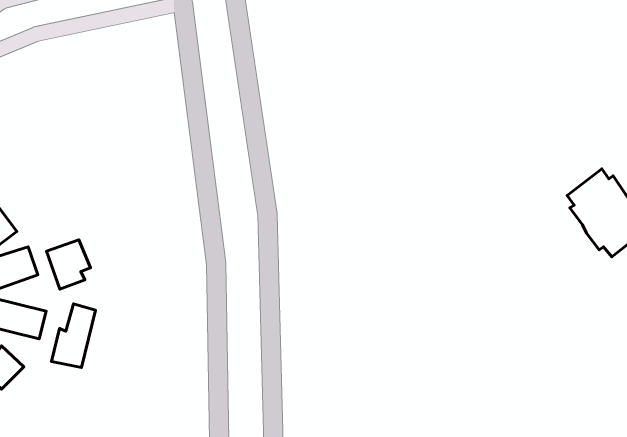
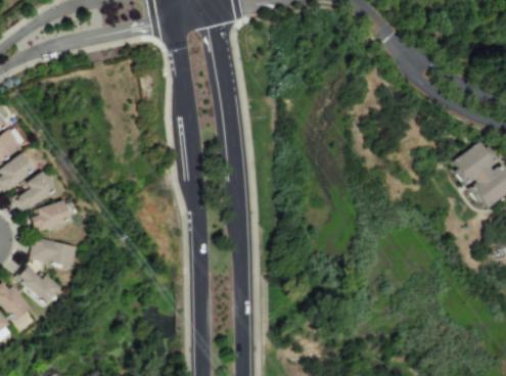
building: [47,240,90,289] -> none
building: [52,304,95,368] -> none

